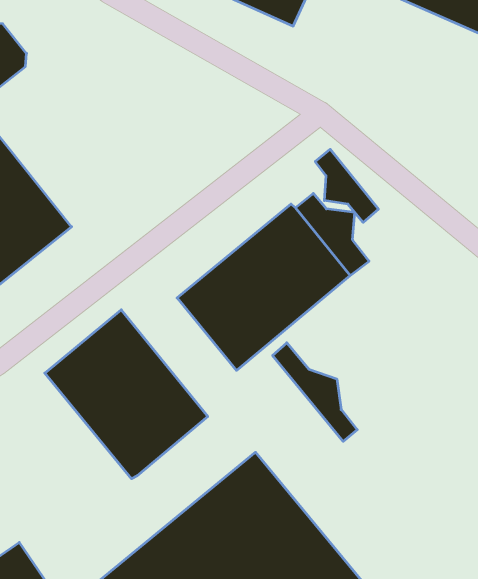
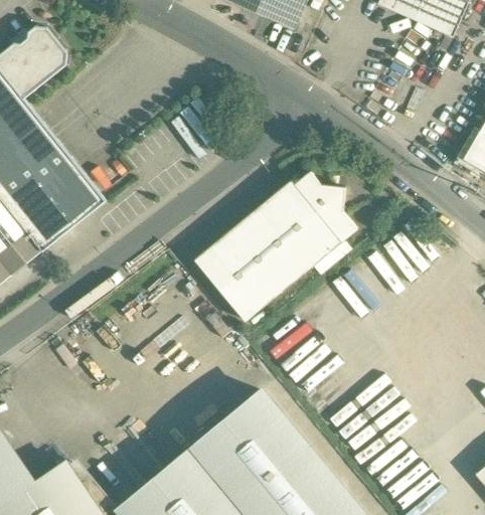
building: [315,149,378,222] -> none
building: [45,310,208,479] -> none
building: [273,343,357,441] -> none

